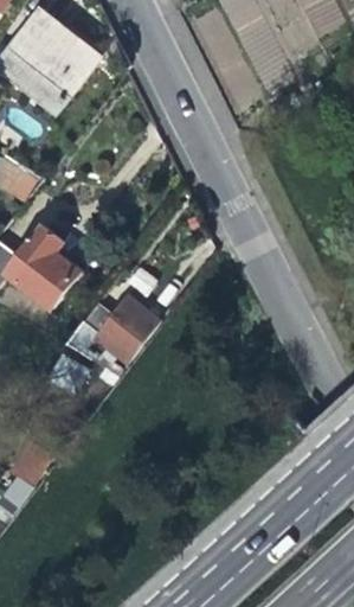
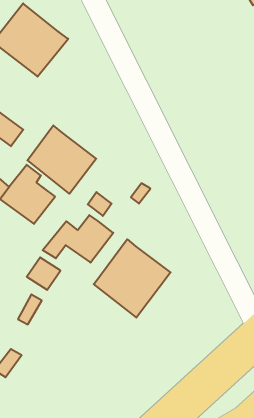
building: none -> [27,125,96,194]
building: none -> [94,239,171,318]

